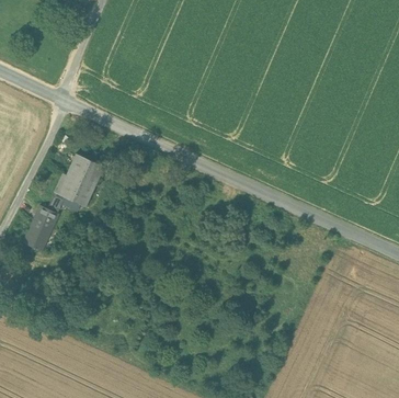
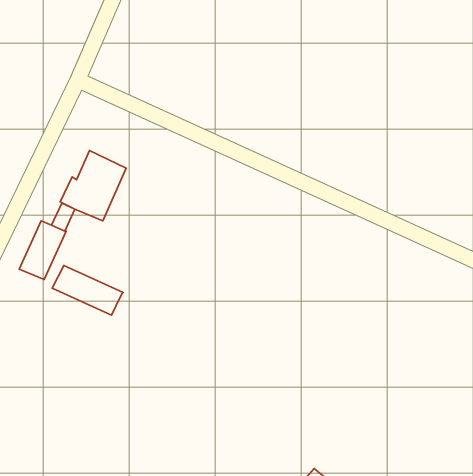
building: none -> [52,265,123,315]

